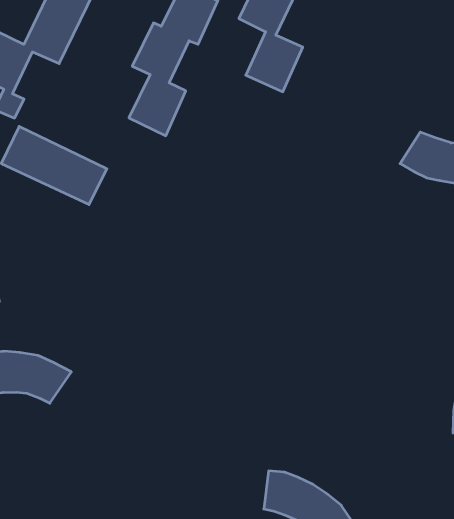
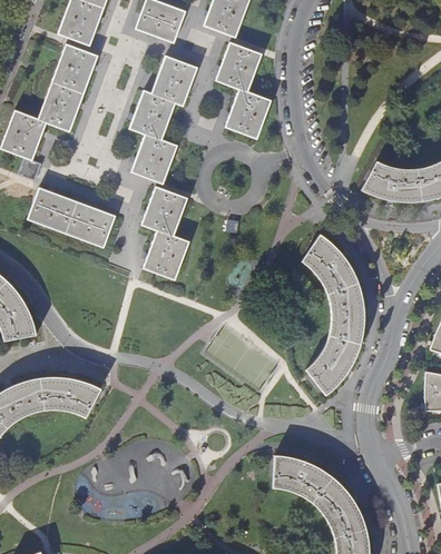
building: none -> [140,186,188,279]
building: none -> [301,234,365,396]

